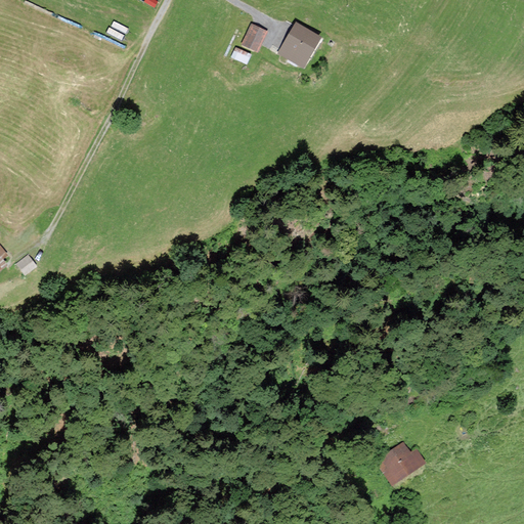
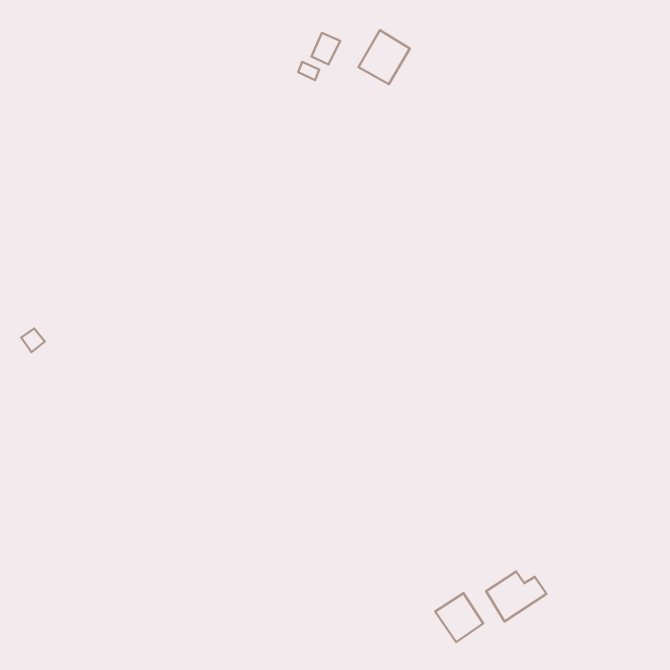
building: none -> [435,593,483,642]

